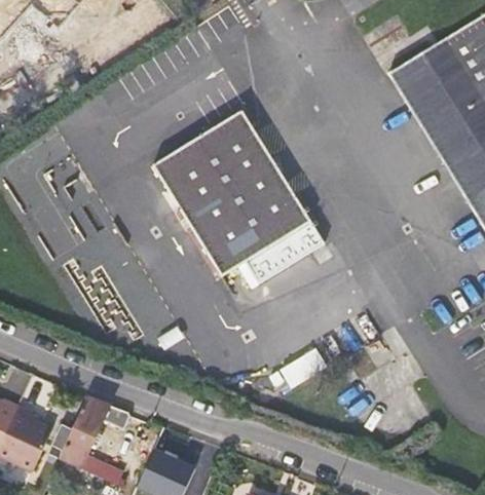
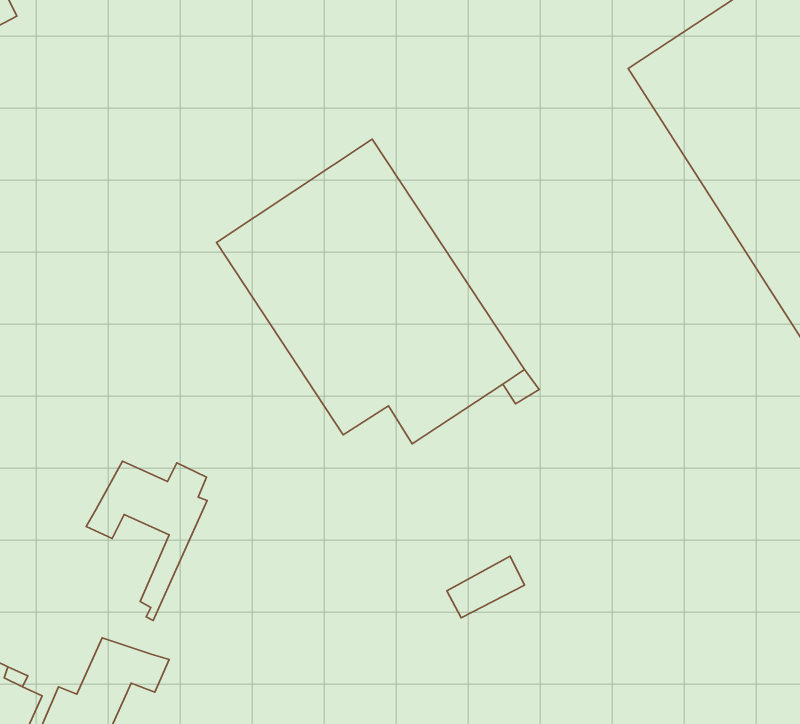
building: none -> [86,461,207,620]

